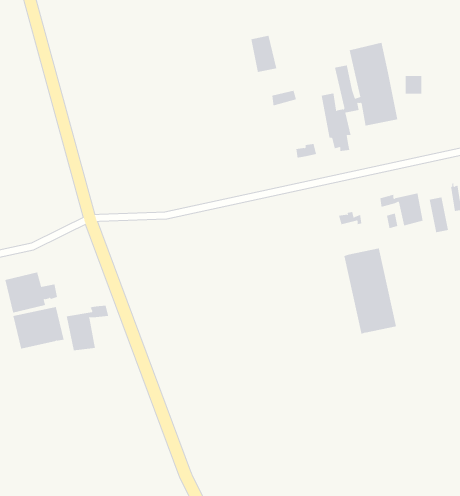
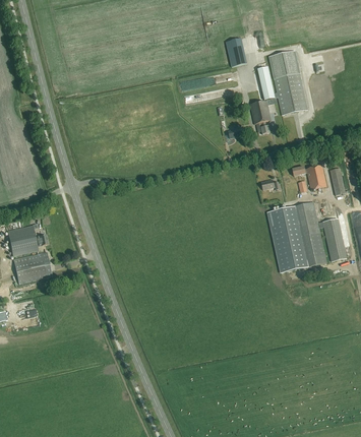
building: [250,35,277,72] -> [227,38,247,66]
building: none -> [293,201,345,266]
building: [66,305,109,351] -> none

